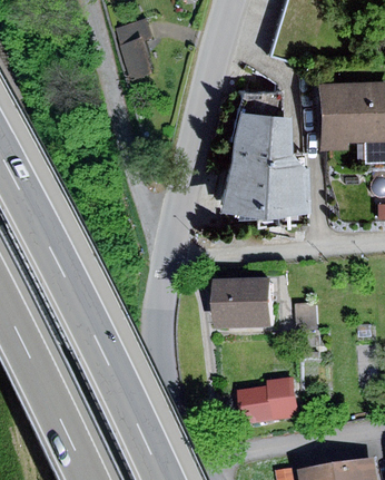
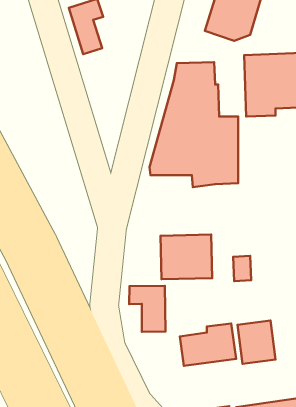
building: none -> [129,286,166,332]
building: none -> [237,320,276,364]

